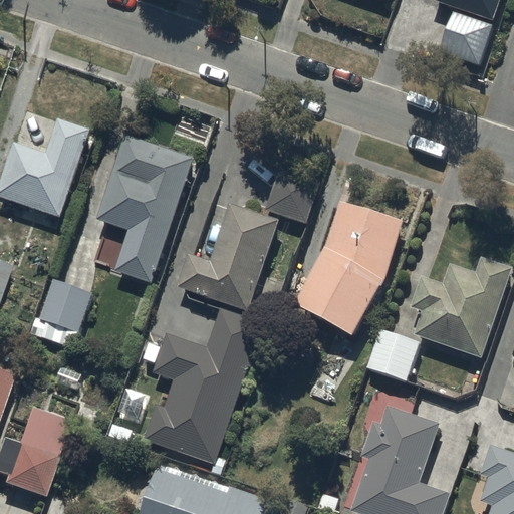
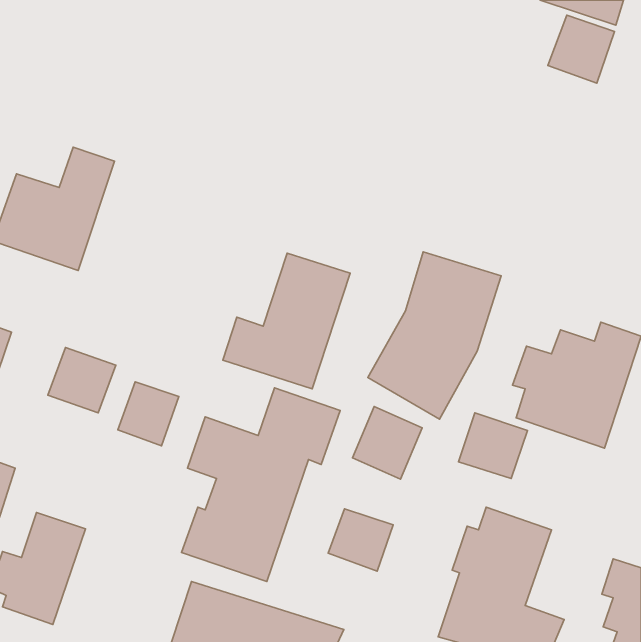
building: [96,133,195,282] -> none
building: [266,163,322,224] -> none
building: none -> [118,382,179,446]
building: none -> [353,407,422,479]
building: none -> [328,509,393,571]

